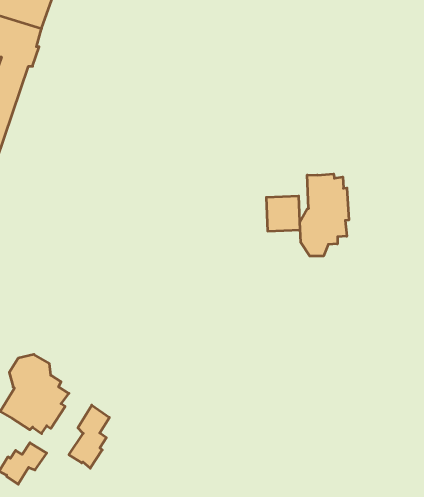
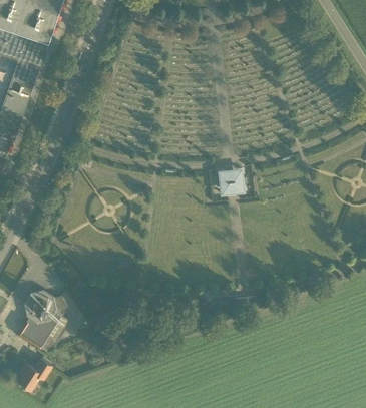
building: [300,174,349,256] -> none
building: [69,405,109,468] -> none

